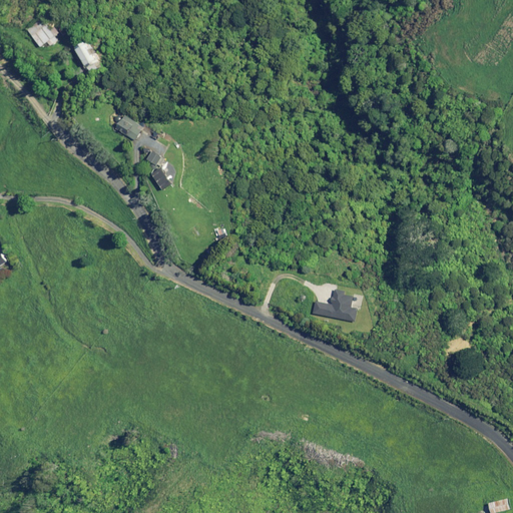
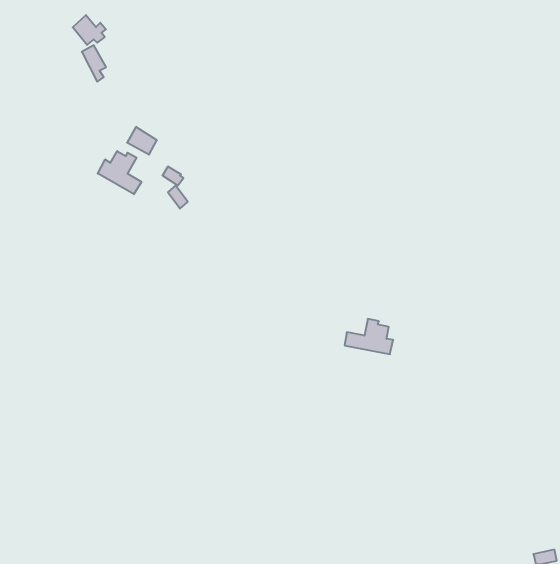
building: [25,20,55,47] -> [73,15,106,45]
building: none -> [98,151,141,194]

